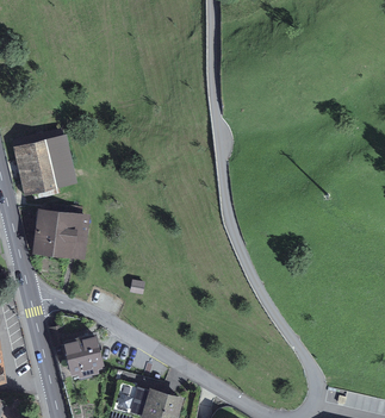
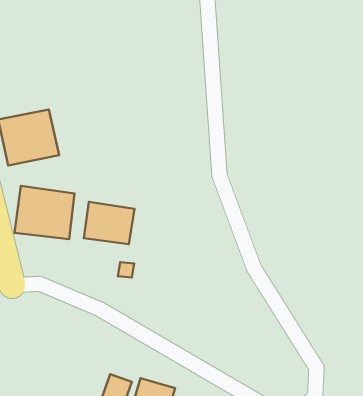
building: none -> [84,202,134,244]
building: [61,333,106,379] -> none

